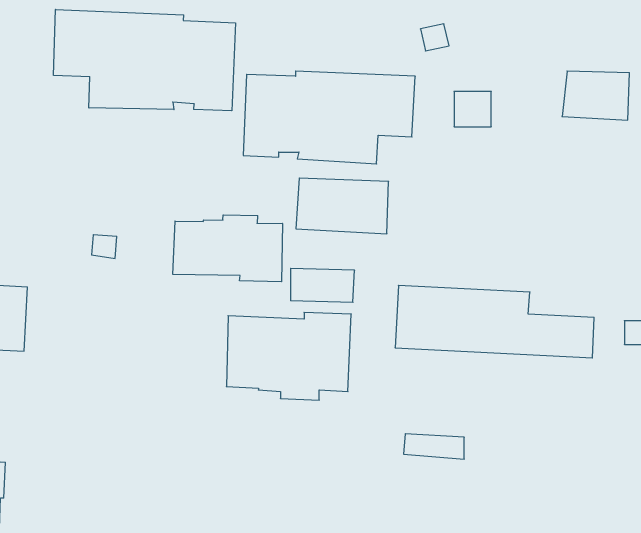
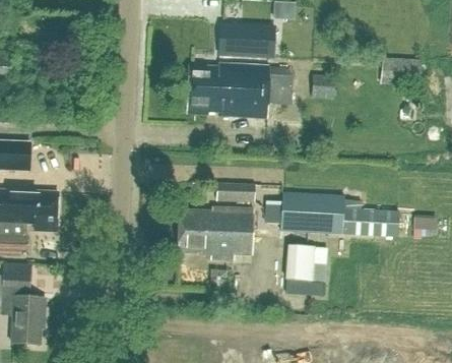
building: [54,9,235,111] -> none
building: [296,178,389,234] -> [218,23,274,57]
building: [173,215,282,282] -> none
building: none -> [286,244,314,280]

